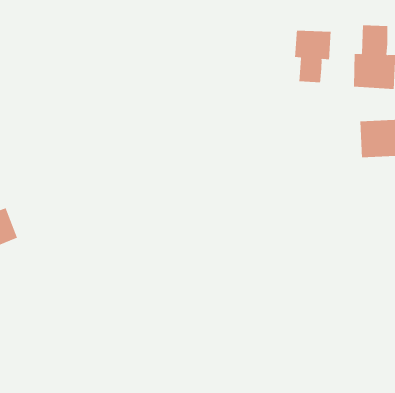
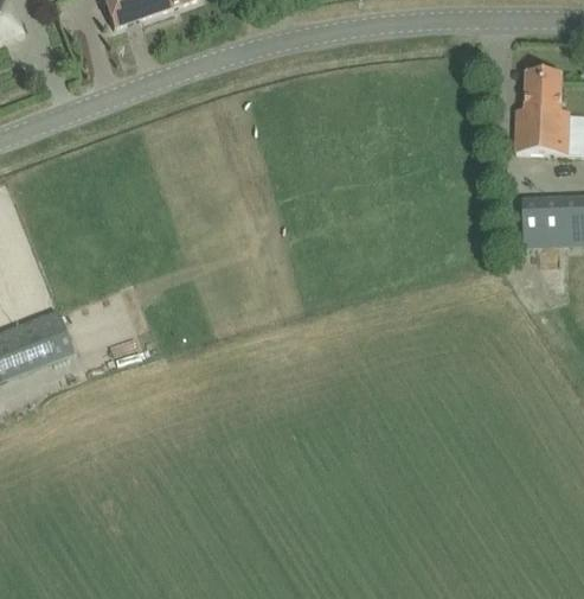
building: [295,30,331,83] -> none

